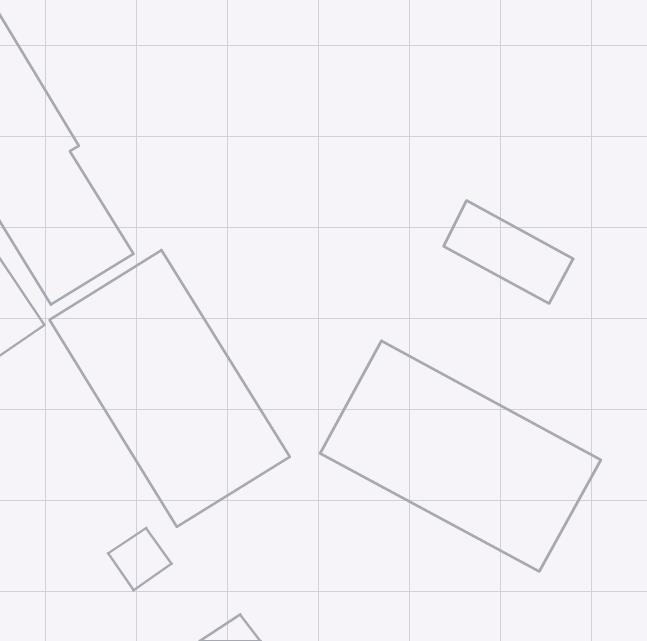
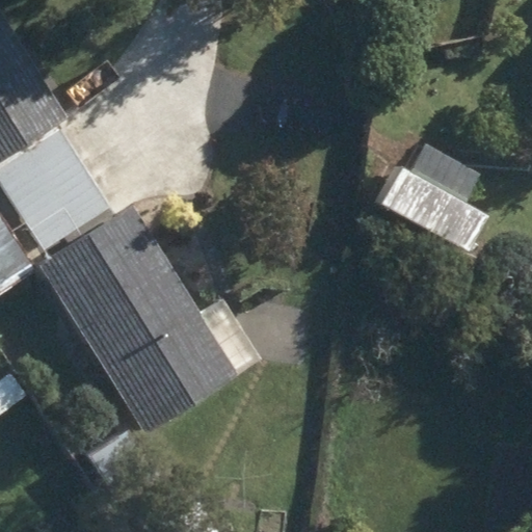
building: [320,341,601,571] -> none

